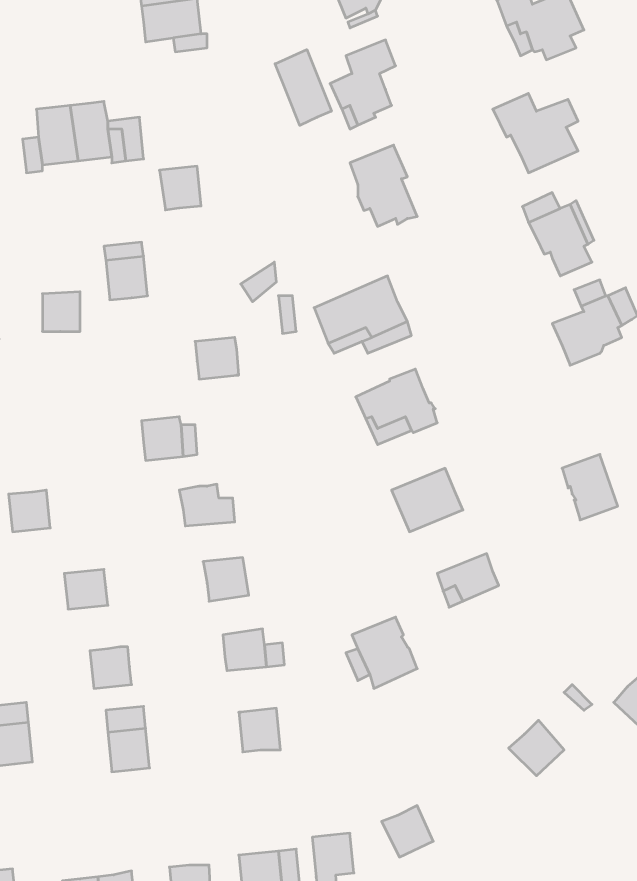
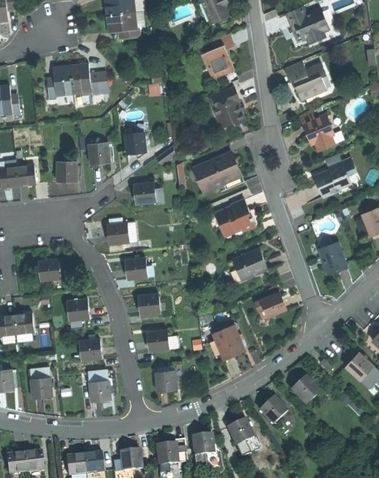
building: [275,50,331,125] -> none
building: [159,166,201,210] -> [124,132,145,154]
building: none -> [260,396,287,423]

